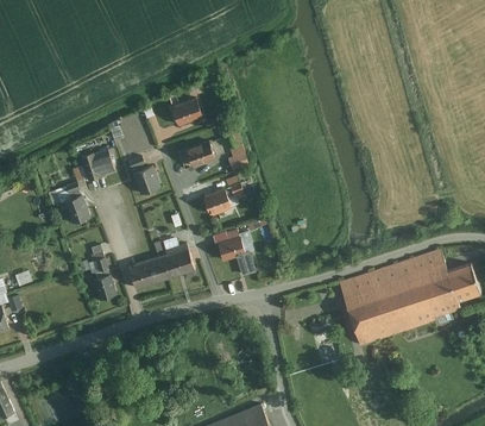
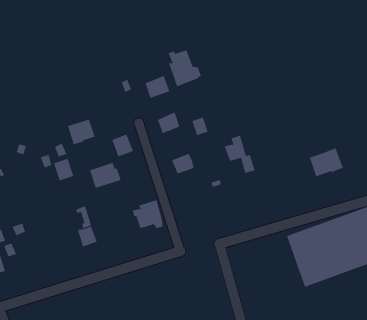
building: none -> [168,49,201,87]
building: none -> [309,147,343,177]
building: [218,230,254,275] -> [224,135,256,174]
building: [128,257,166,288] -> [89,162,121,188]

